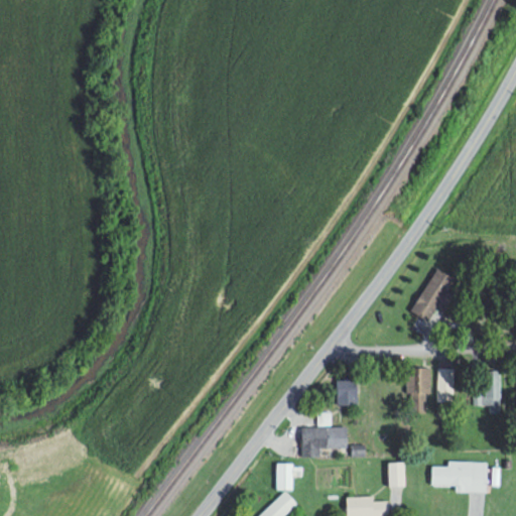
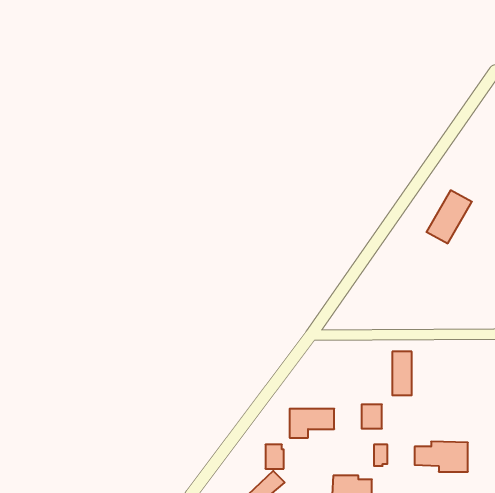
building: [411,269,459,325] -> [426,190,472,243]
building: [437,368,454,402] -> none
building: [474,372,500,405] -> none
building: [337,380,358,405] -> [362,404,382,429]

